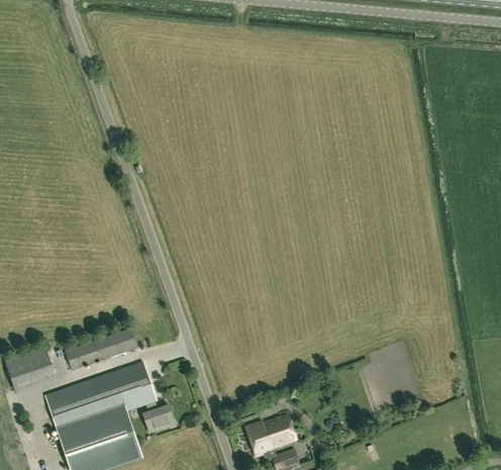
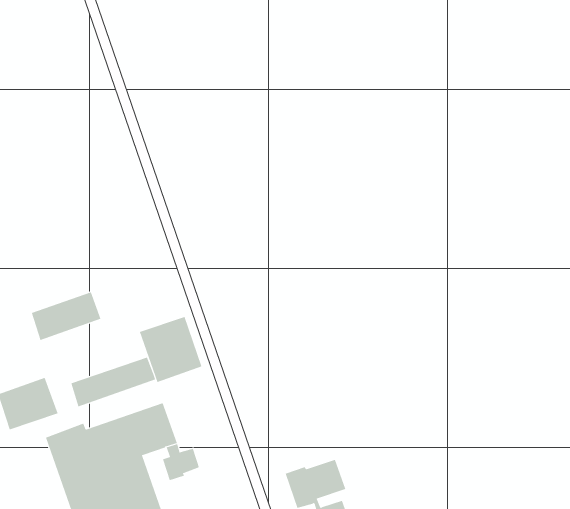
building: none -> [31,292,101,341]
building: none -> [139,316,202,383]

